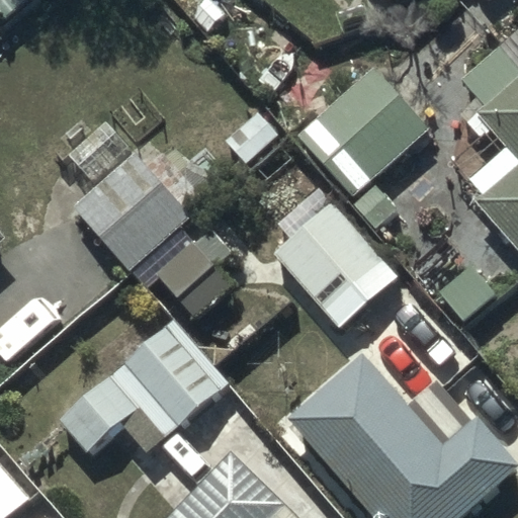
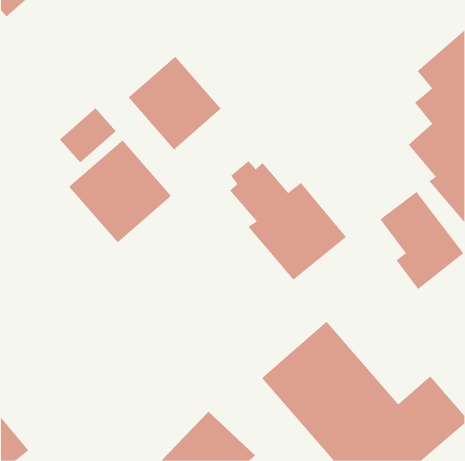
building: none -> [128,56,221,150]
building: [298,70,427,230] -> none
building: [61,320,230,452] -> none

